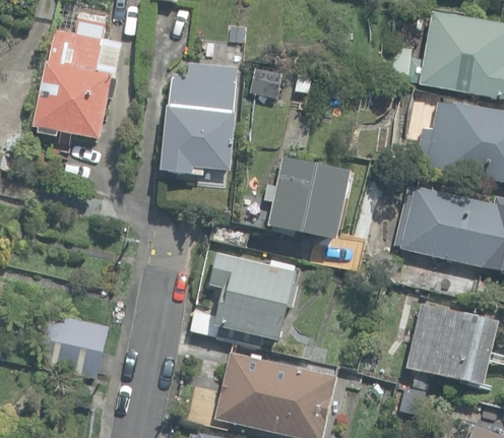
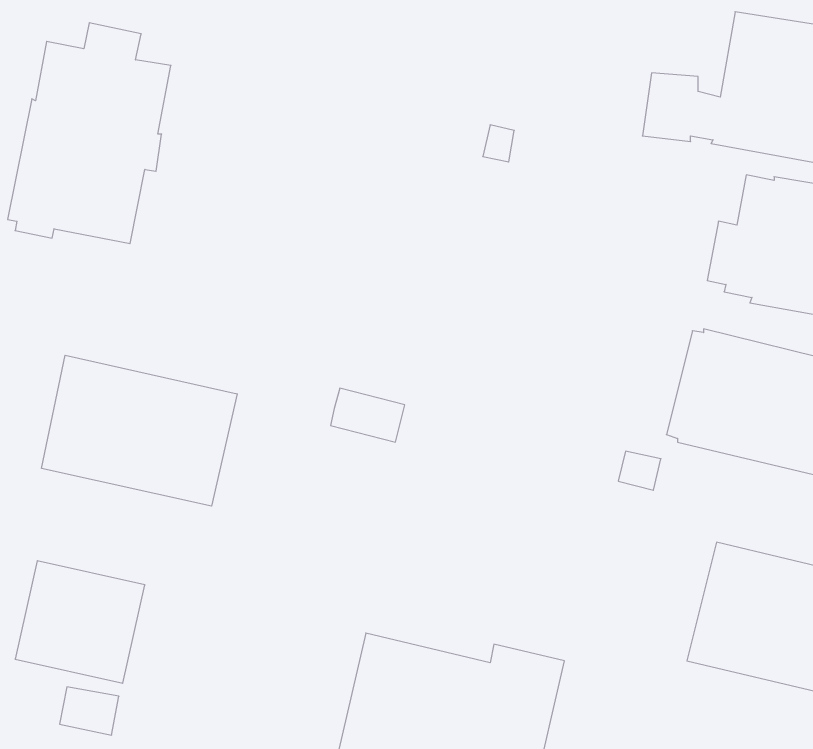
building: [161,63,238,175] -> none
building: [264,155,352,240] -> none
building: none -> [42,355,237,506]
building: [190,251,298,340] -> none

